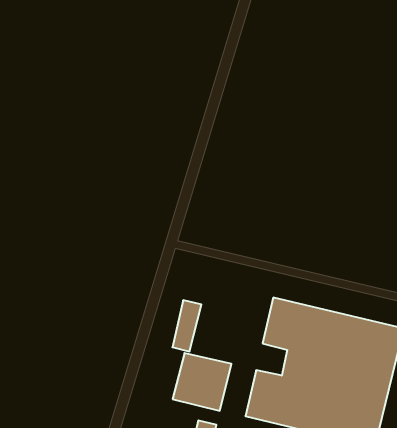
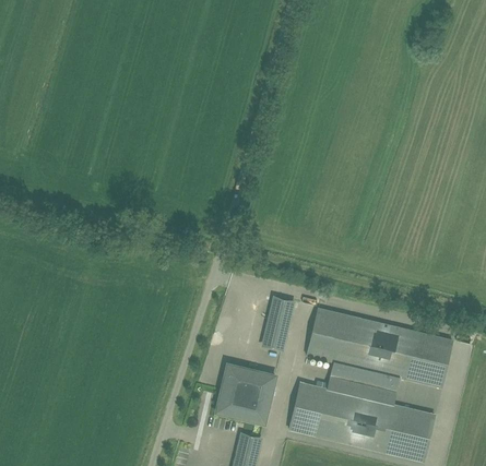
building: [172,300,201,351] -> [263,296,293,348]

